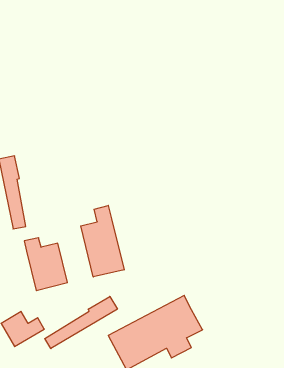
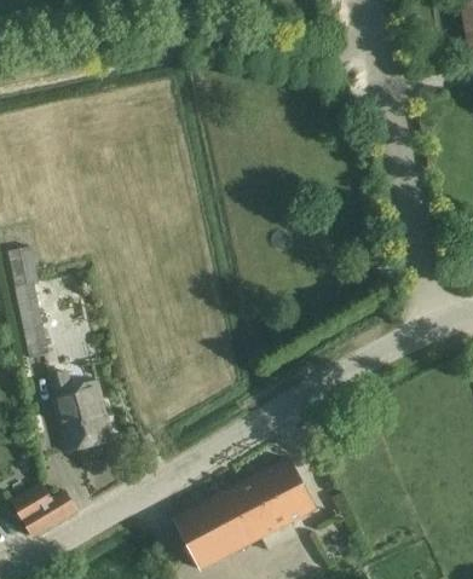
building: [81,205,124,277] -> none
building: [45,296,117,349] -> none

